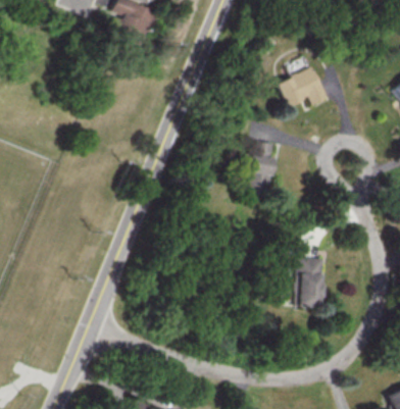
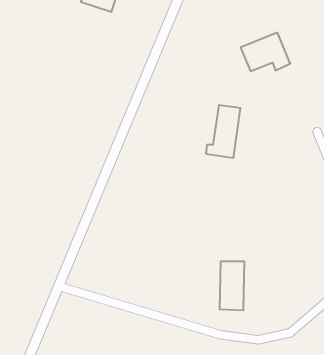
building: [301,258,327,308] -> [220,262,244,310]

